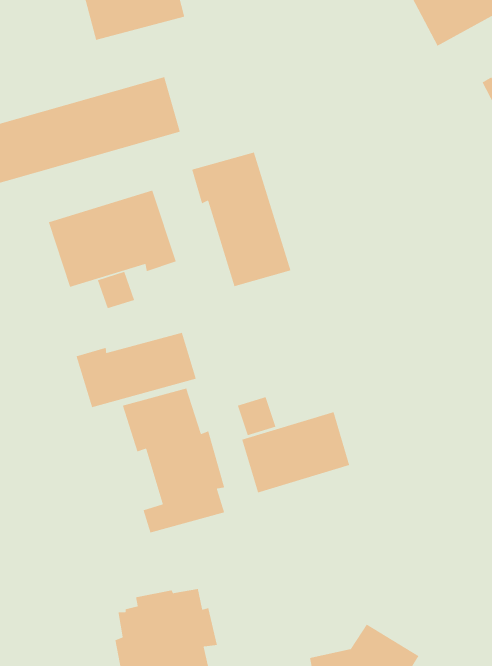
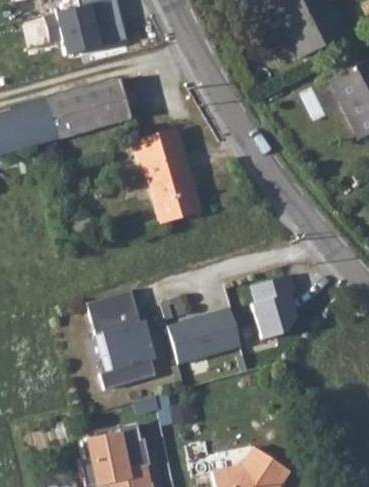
building: [48,190,177,288] -> none
building: [76,332,197,408] -> none
building: none -> [251,274,294,336]

